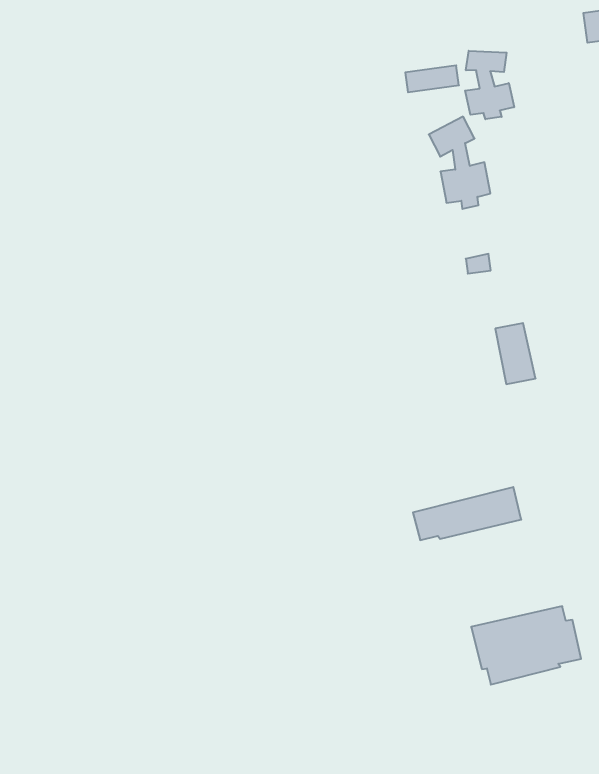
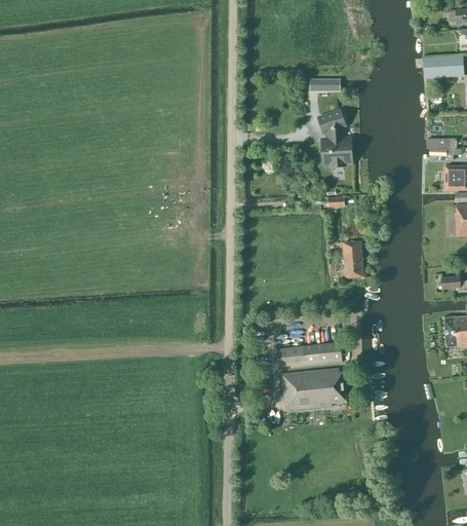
building: [465,51,514,119] -> none
building: [471,606,581,685] -> [281,368,346,410]

